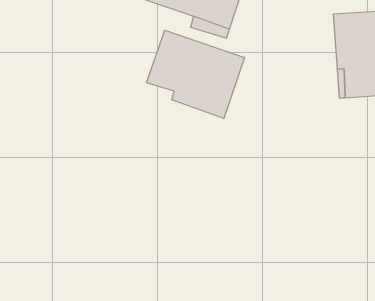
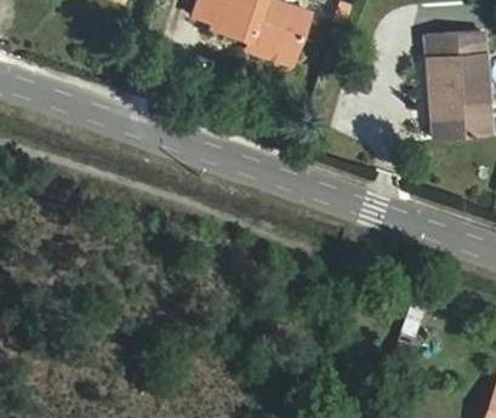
building: [147,30,244,119] -> none

